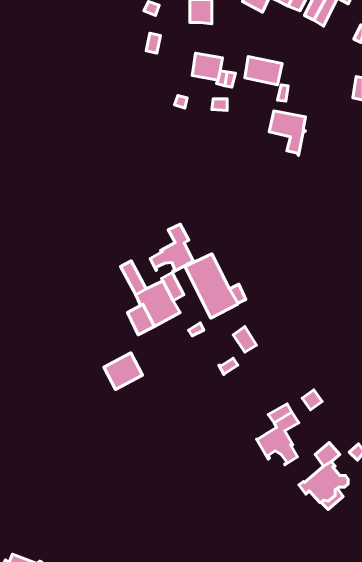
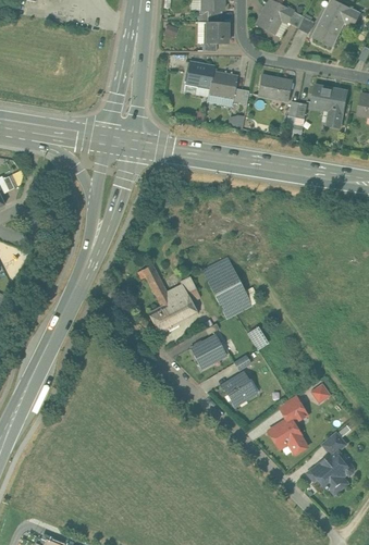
building: none -> [184,61,213,92]
building: [269,111,306,155] -> [312,86,346,127]
building: [150,224,194,272] -> none
building: [104,353,143,389] -> [190,334,226,368]
building: none -> [222,371,258,407]

